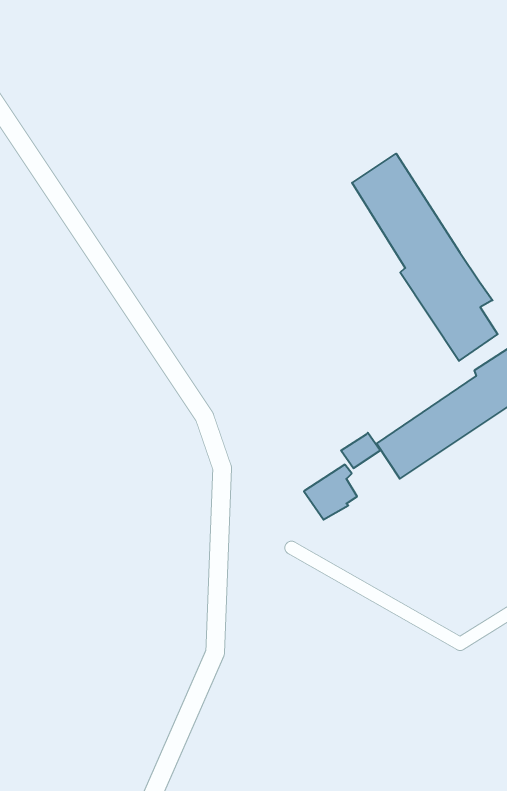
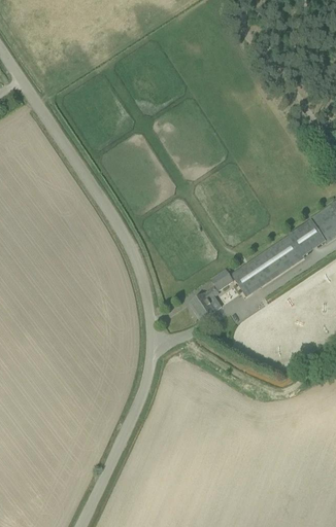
building: [352,154,498,361] -> none

